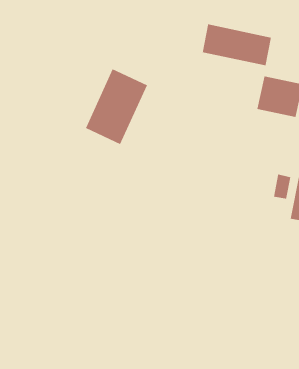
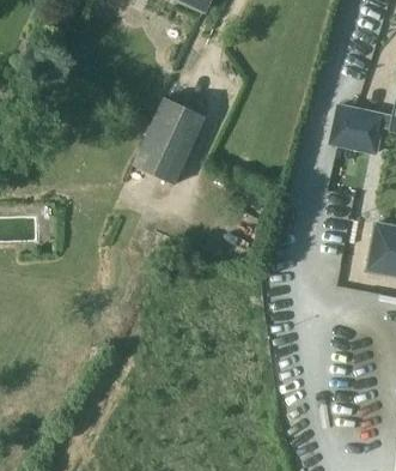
building: [202,24,271,66] -> none

